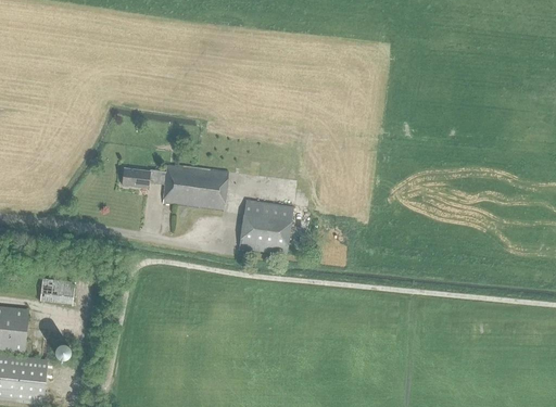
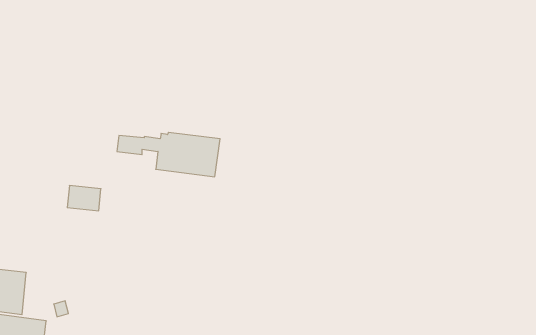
building: [238,199,292,255] -> none
building: [40,276,75,302] -> [67,186,101,211]

